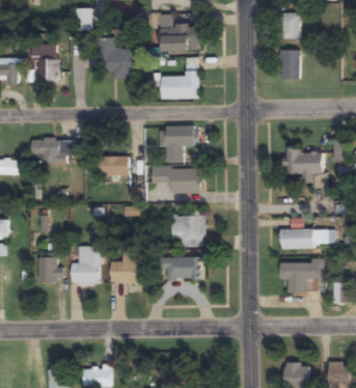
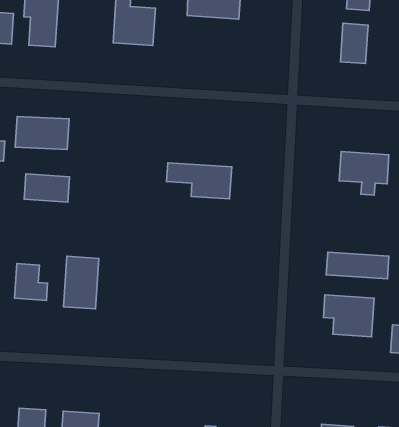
building: [160,58,198,100] -> none
building: [159,126,194,163] -> none
building: [93,156,128,175] -> [24,174,70,202]
building: [170,211,203,246] -> none
building: [110,250,138,282] -> none
building: [165,256,200,279] -> none

